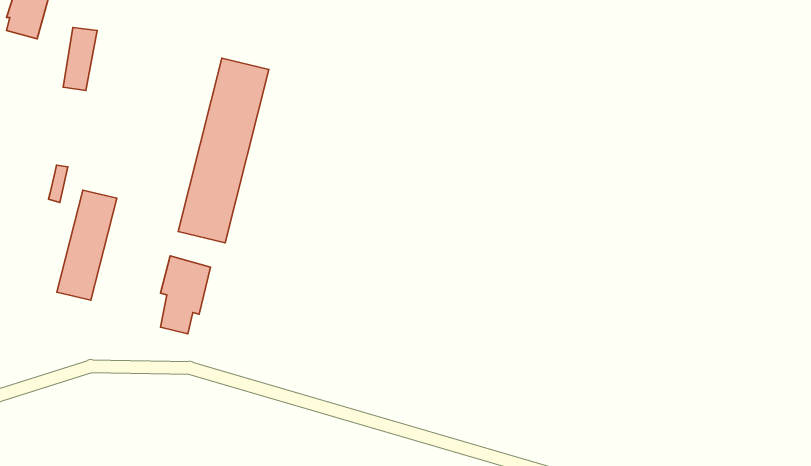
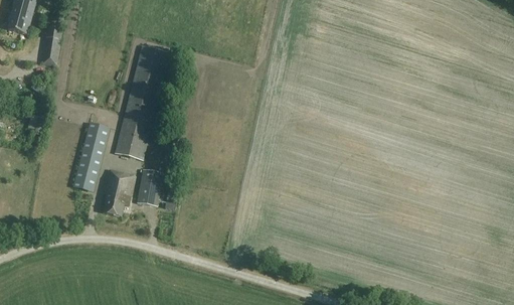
building: [57,190,117,300] -> [72,123,110,191]
building: none -> [136,169,163,207]

